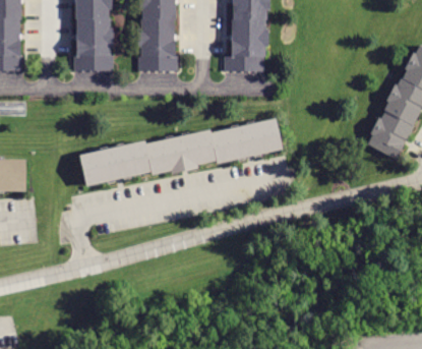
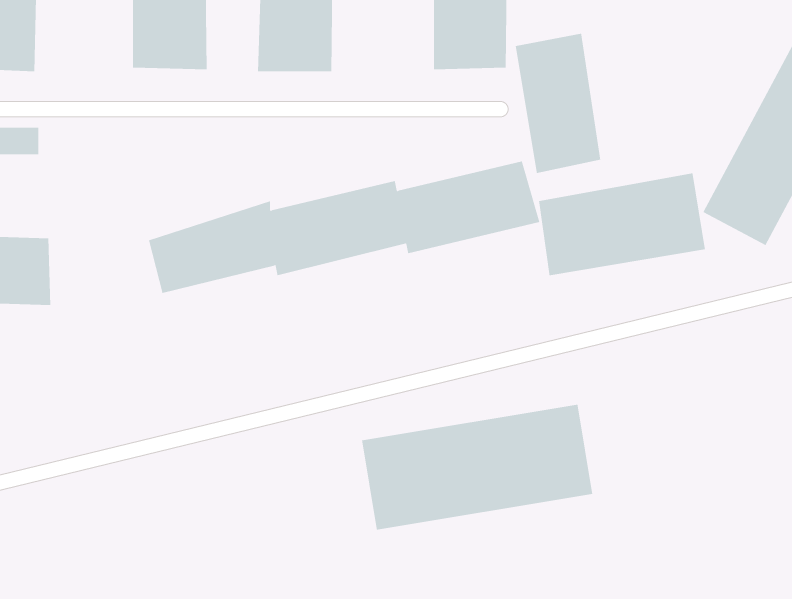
building: none -> [515,33,601,174]
building: none -> [538,173,706,276]
building: none -> [362,404,593,531]

